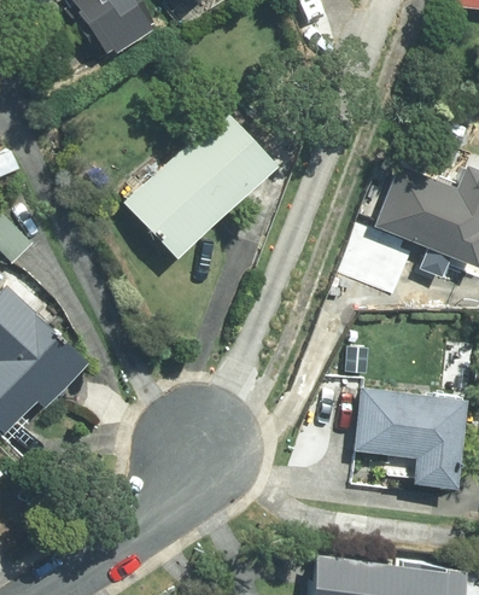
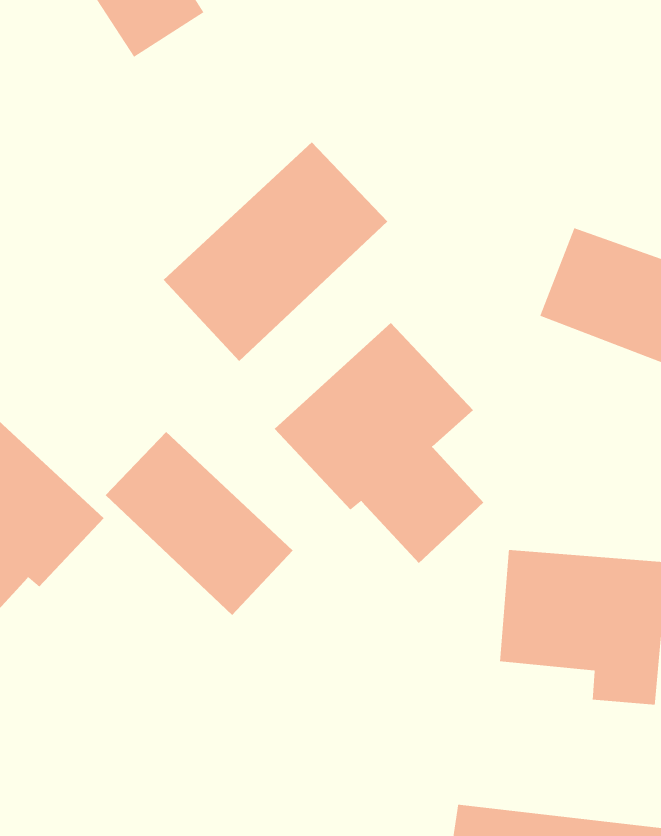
building: none -> [274,322,484,564]
building: none -> [105,431,294,616]

